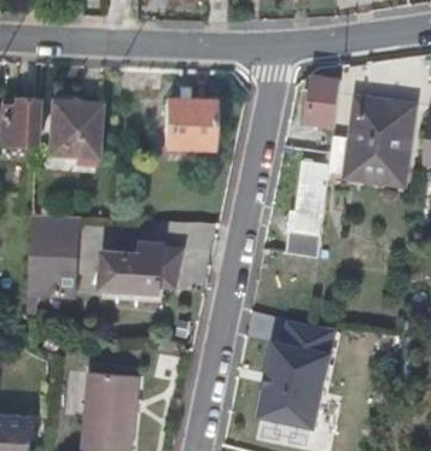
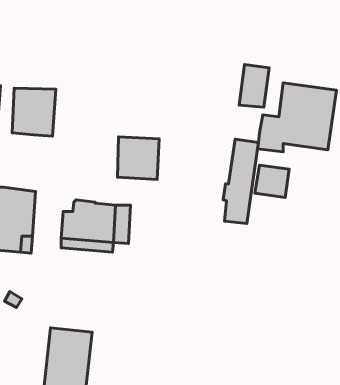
building: [164,101,211,150] -> [118,137,159,179]
building: none -> [255,165,289,197]
building: [260,322,337,427] -> none

